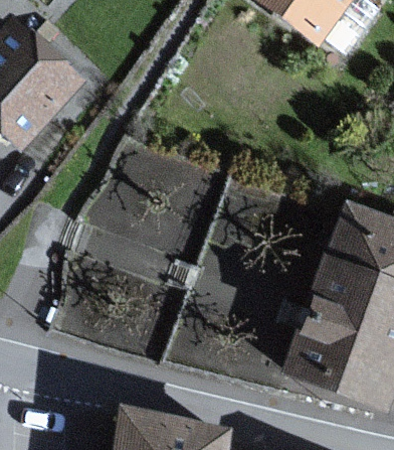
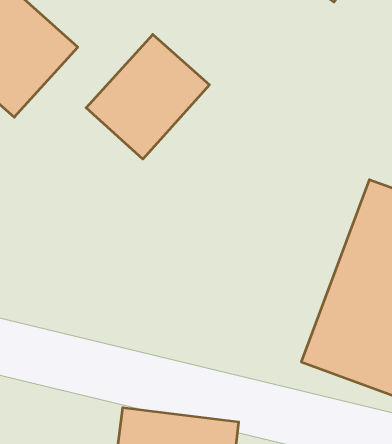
building: none -> [86,34,209,159]

